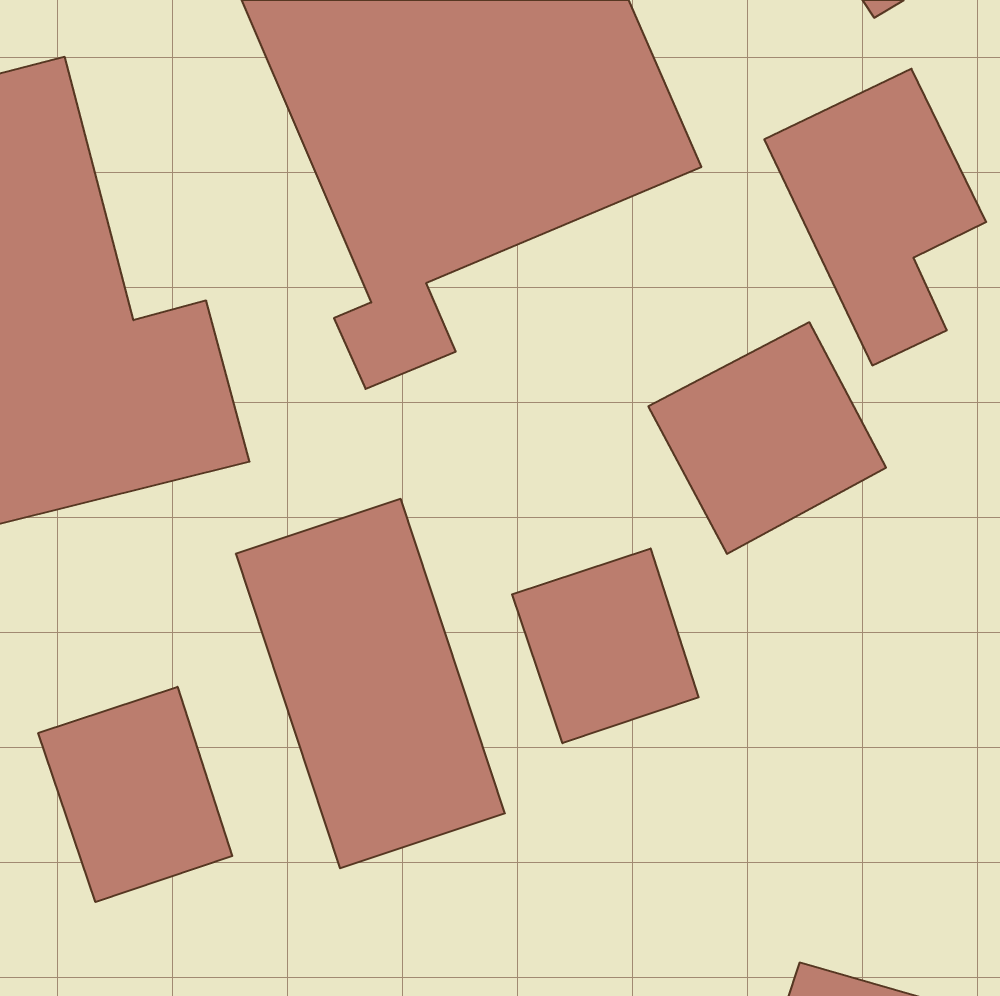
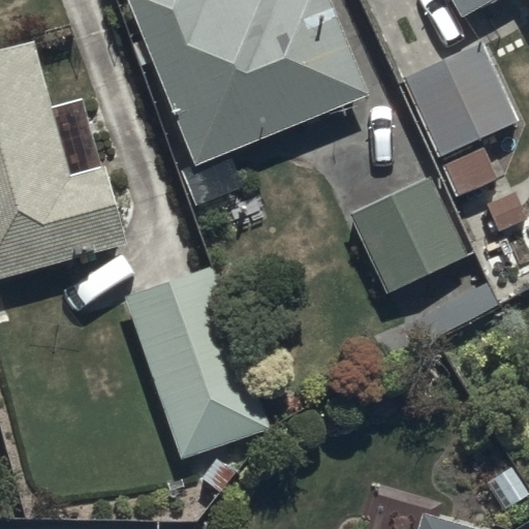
building: [512,548,699,743] -> none
building: [38,687,232,902] -> none

